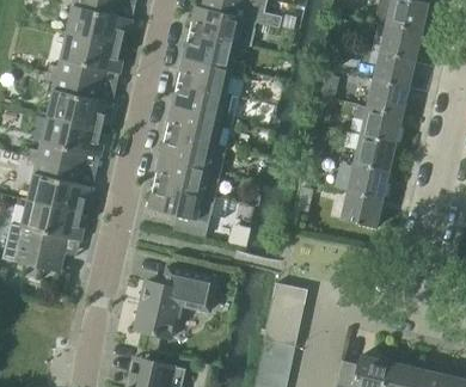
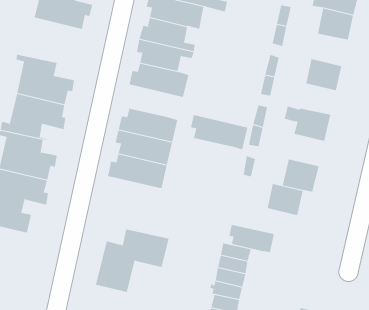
building: [47,33,122,86] -> none
building: [373,51,415,87] -> none
building: [355,105,401,141] -> none
building: [167,108,232,147] -> [190,114,248,150]
building: [348,162,388,198] -> [267,183,303,216]
building: none -> [229,224,274,253]

